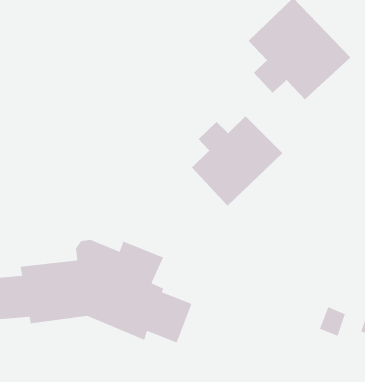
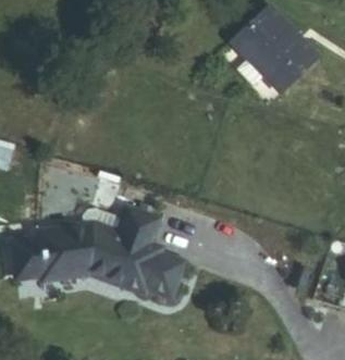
building: [191,116,283,206] -> none

